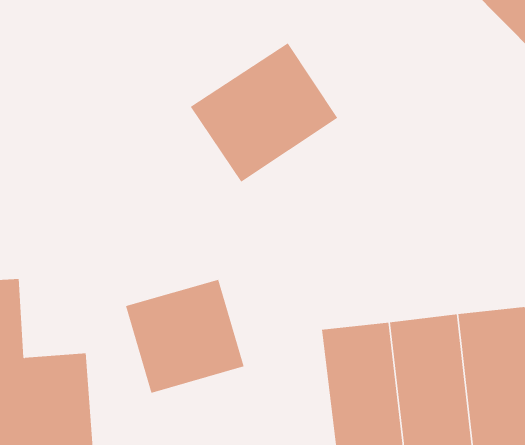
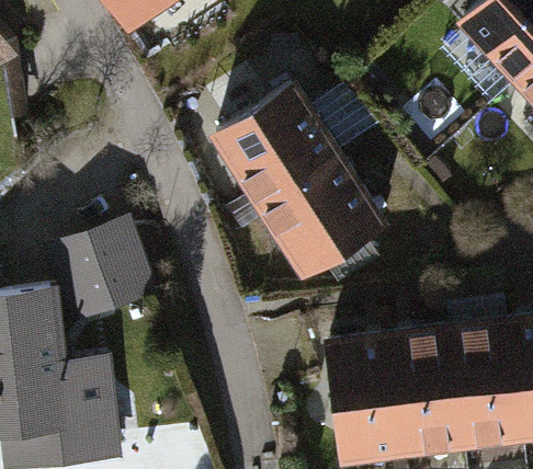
building: none -> [251,147,384,273]
building: [125,279,244,393] -> [47,218,155,321]

